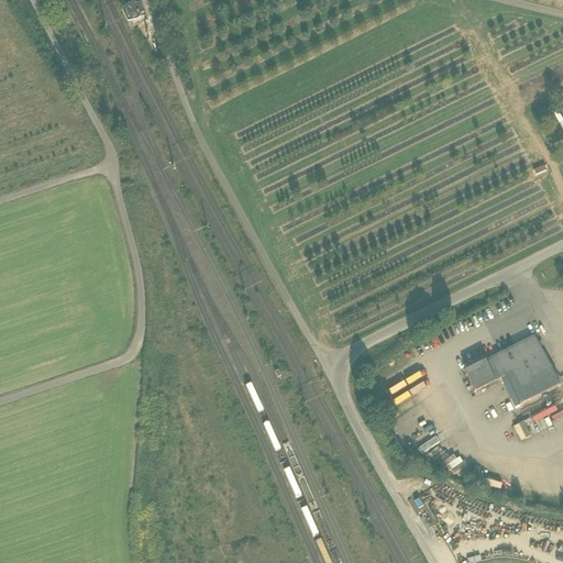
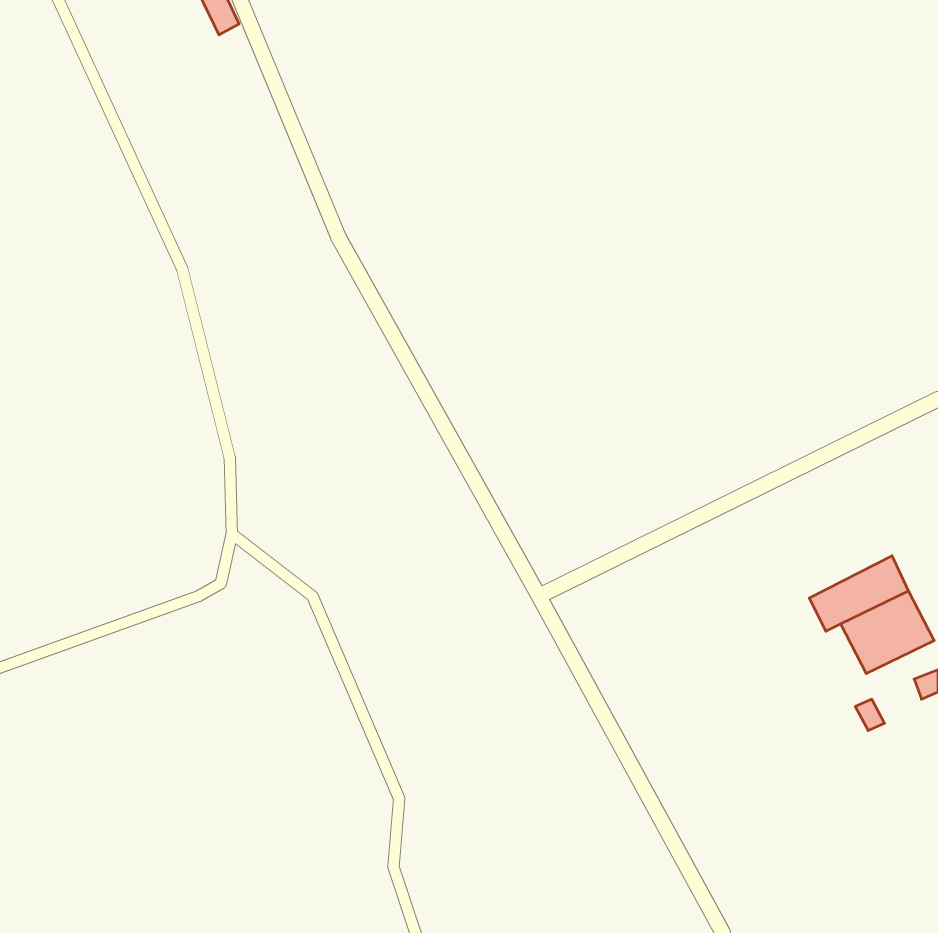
building: [463,357,494,388] -> none

